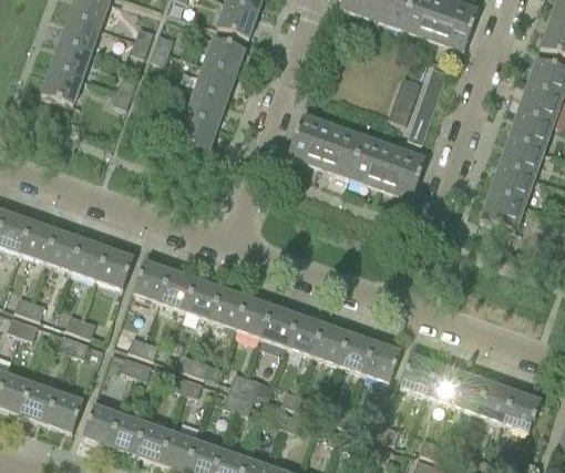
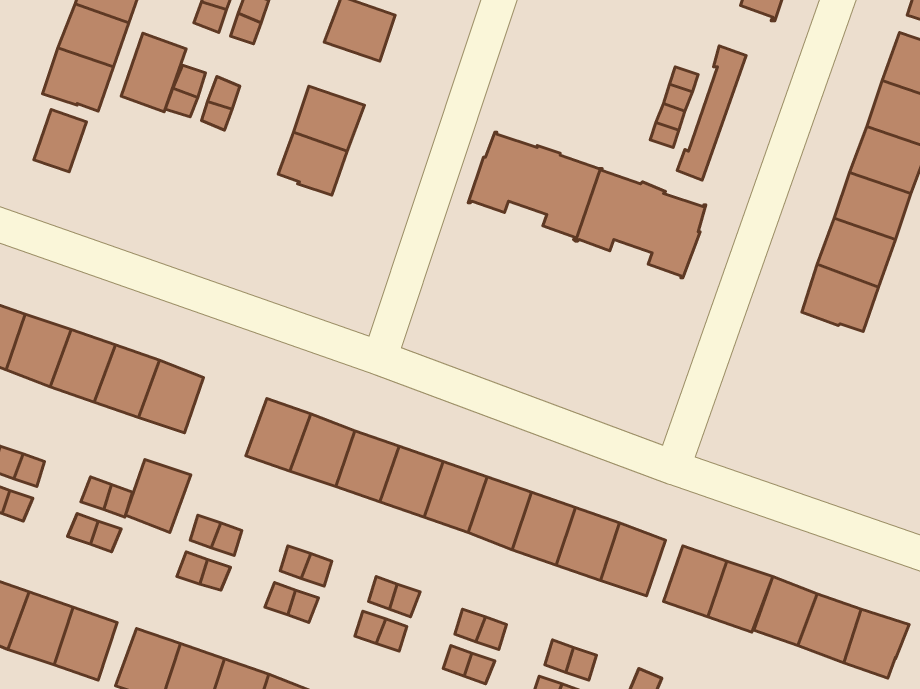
building: none -> [121,33,186,112]
building: [195,63,236,100] -> none
building: none -> [34,110,86,172]
building: [133,260,171,302] -> [126,460,191,532]

